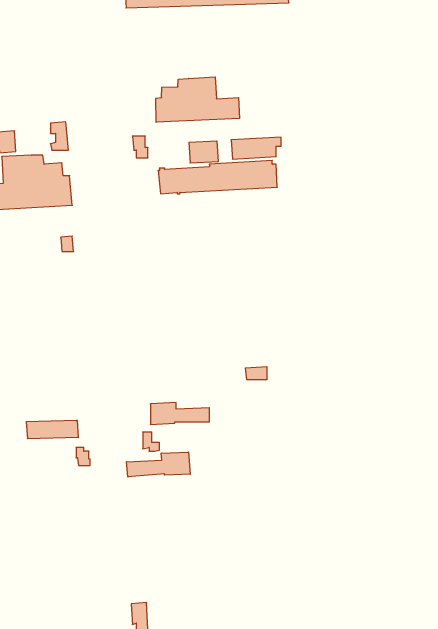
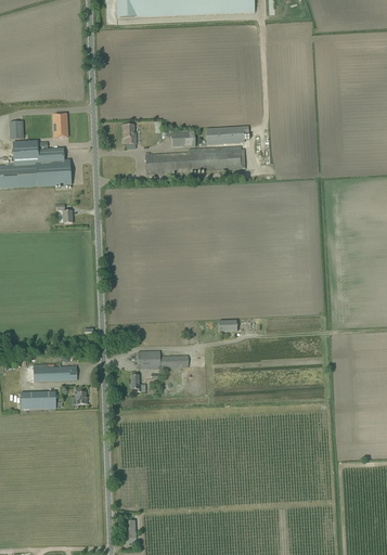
building: [156,77,239,122] -> none
building: none -> [21,390,55,409]
building: [127,452,190,477] -> none

